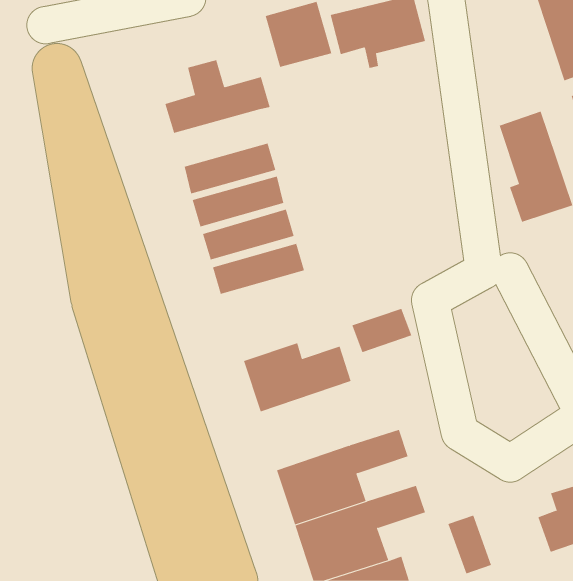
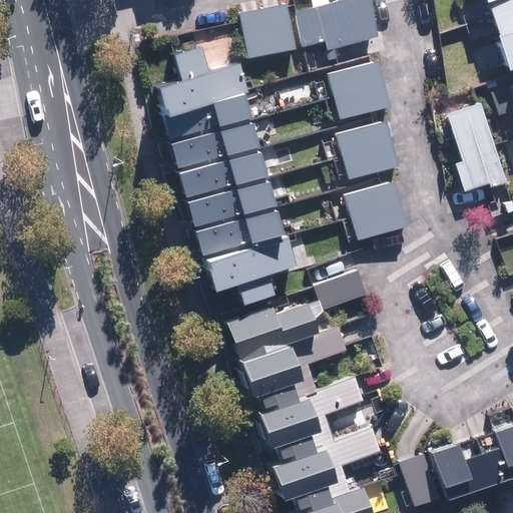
building: none -> [332,60,391,118]
building: none -> [161,96,245,145]
building: none -> [340,120,399,178]
building: none -> [349,179,407,237]
building: none -> [198,238,297,307]
building: none -> [234,327,351,413]
building: none -> [429,442,492,500]

